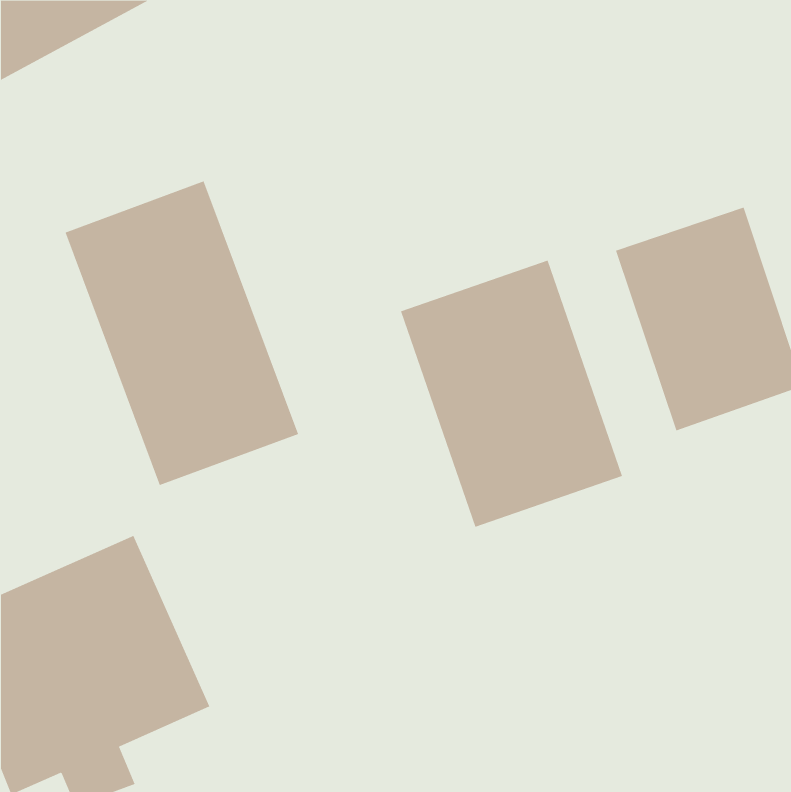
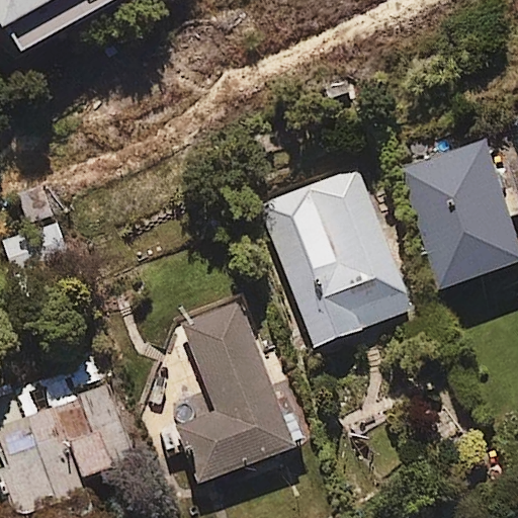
building: [65,181,299,486] -> none
building: none -> [169,305,300,486]

